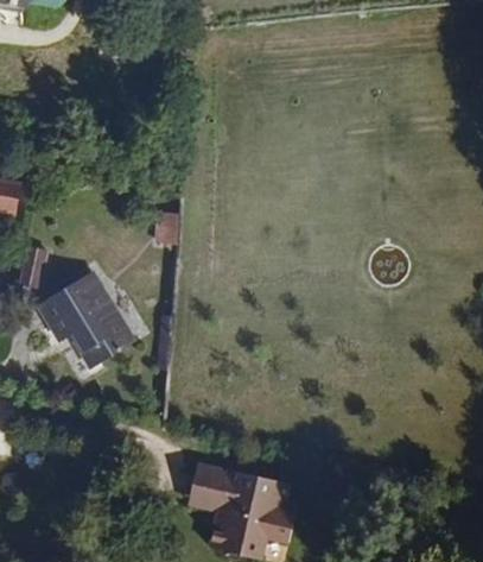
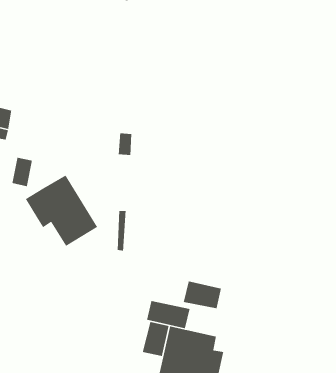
building: none -> [183,280,222,309]
building: none -> [146,300,191,329]

